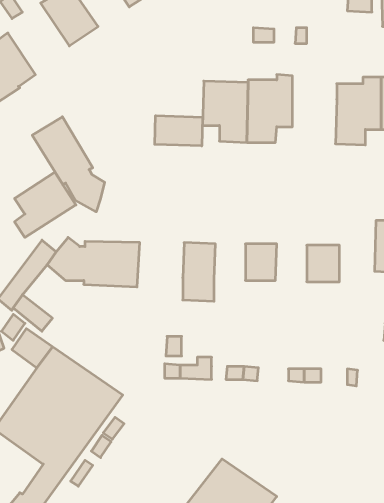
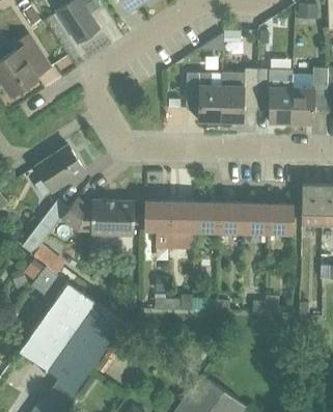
building: none -> [256,70,292,123]
building: [155,116,203,146] -> none
building: [32,117,105,212] -> none
building: none -> [302,184,323,225]
building: none -> [144,202,170,248]
building: none -> [194,203,219,232]
building: none -> [243,203,268,234]

